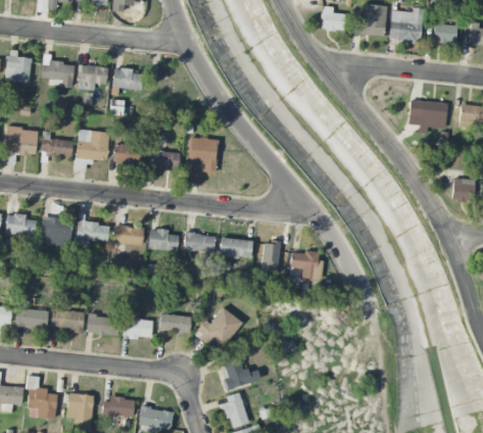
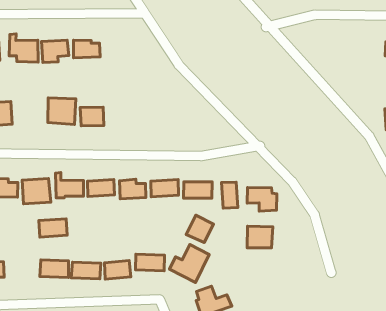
building: [409,100,447,128] -> none
building: [41,131,73,156] -> none
building: [187,137,218,183] -> none
building: [147,148,181,171] -> none
building: none -> [186,215,213,242]
building: none -> [247,226,273,248]
building: [16,308,48,328] -> [39,219,67,237]

